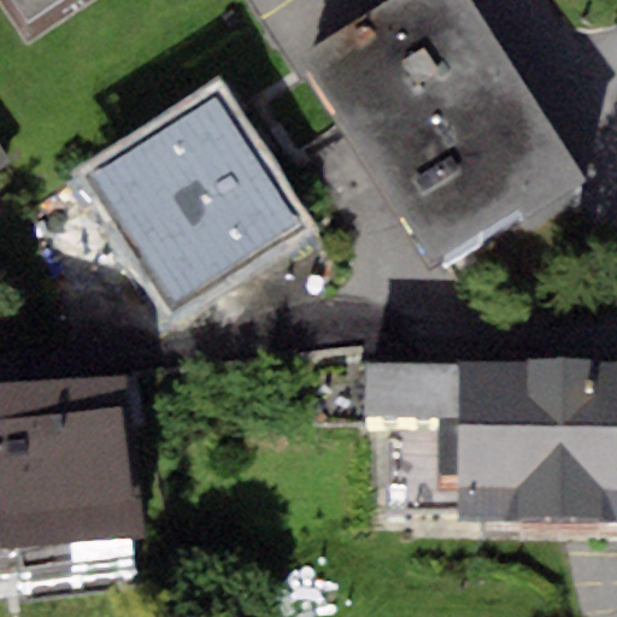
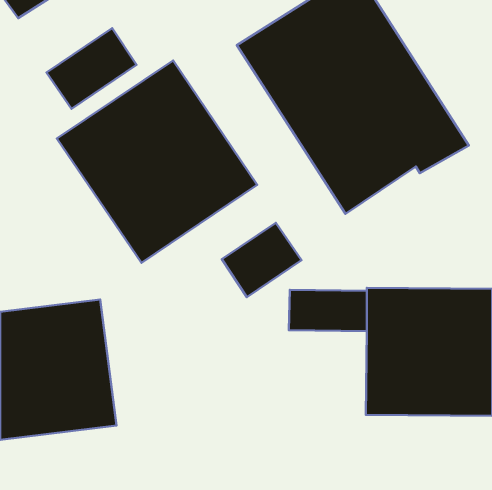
building: none -> [47,28,136,109]
building: none -> [222,223,302,297]

